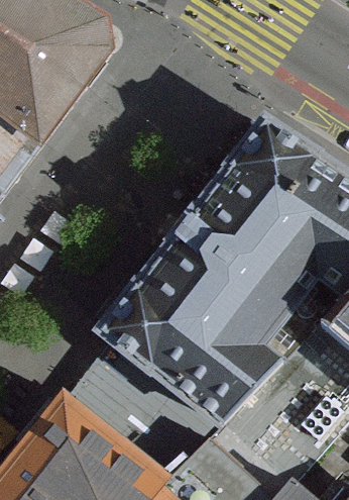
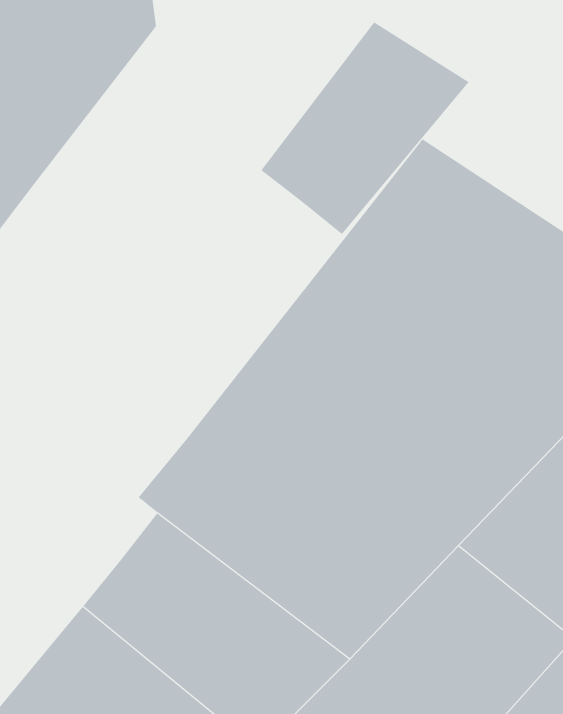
building: none -> [261,22,469,235]

